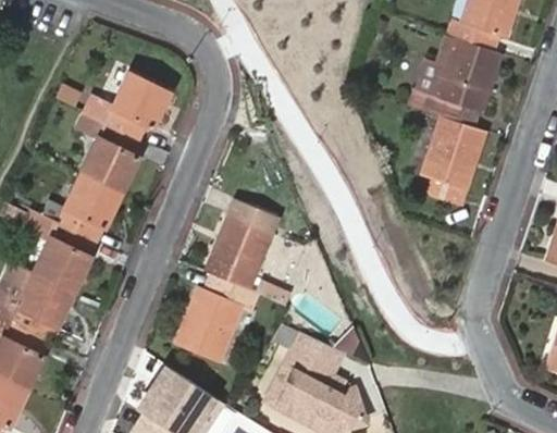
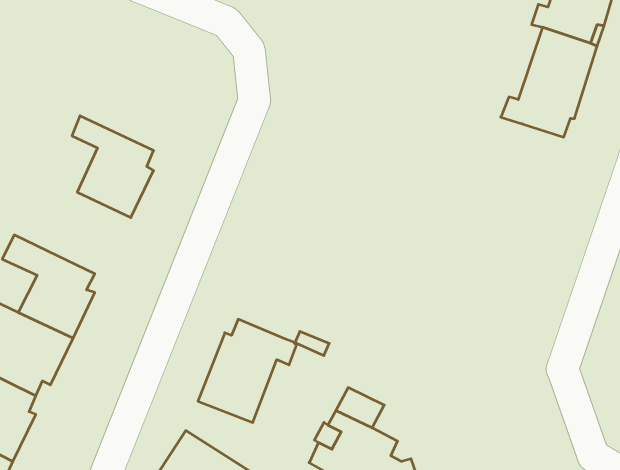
building: [81,70,171,138] -> none
building: [421,116,485,205] -> none
building: [54,172,122,238] -> none
building: [202,200,276,292] -> none

